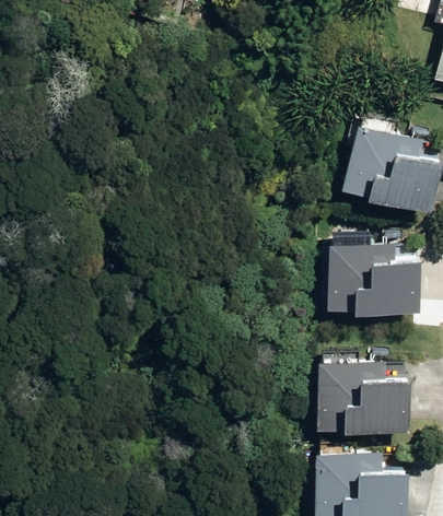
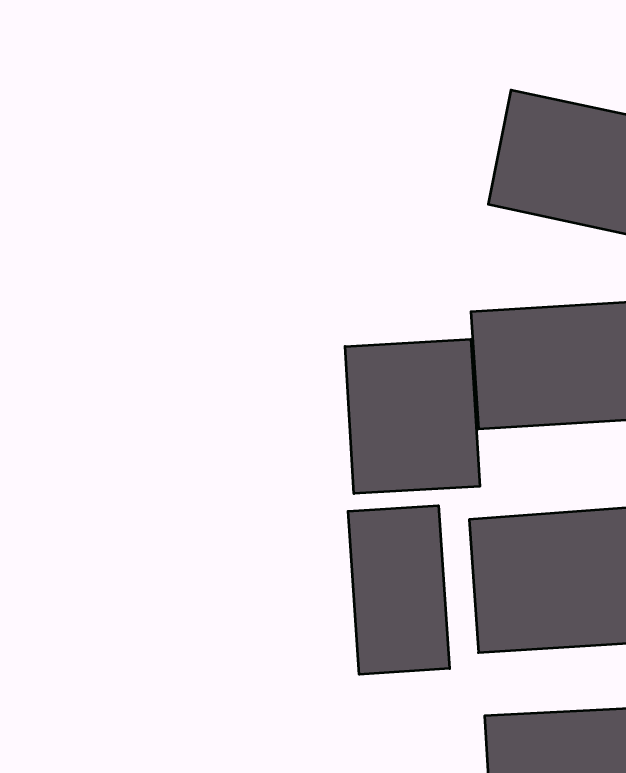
building: none -> [345,339,480,494]
building: none -> [348,506,450,674]

